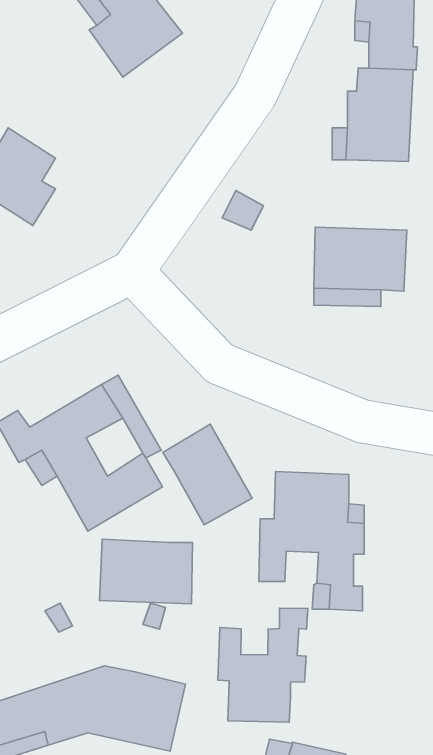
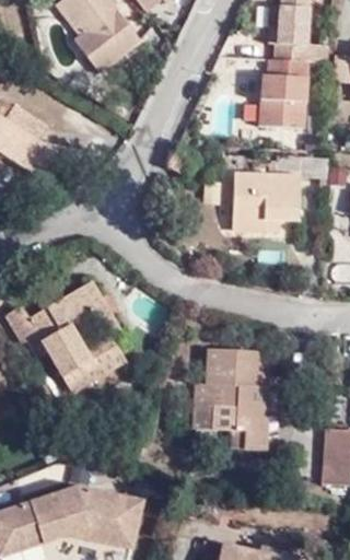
building: [163,424,252,525] -> none
building: [99,539,193,604] -> none
building: [218,608,308,722] -> none

